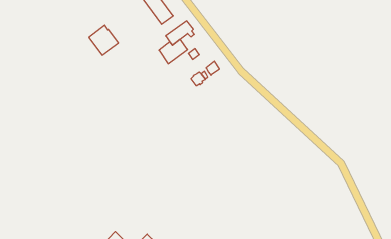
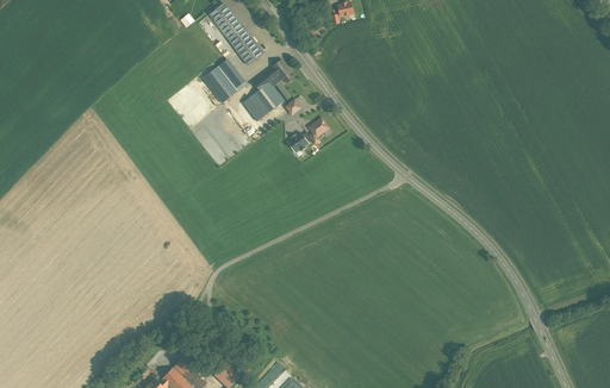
building: [89,25,119,55] -> [203,60,245,102]

